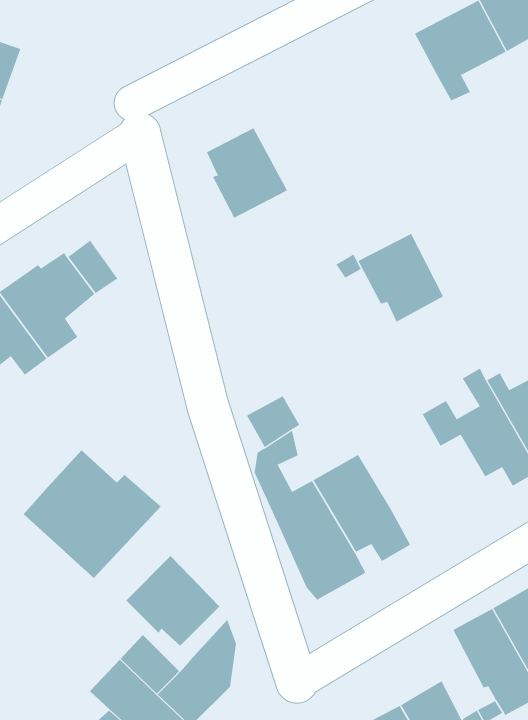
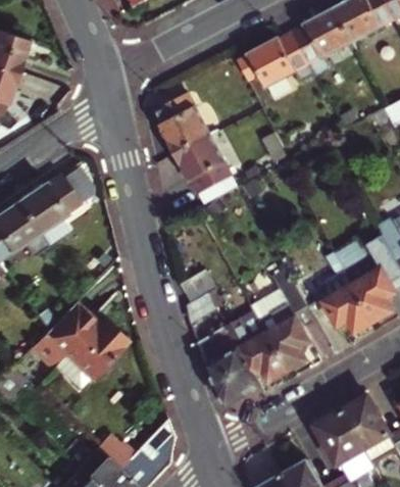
building: none -> [235,31,315,88]
building: [358,233,444,323] -> [171,135,229,194]
building: none -> [252,281,310,370]
building: [126,555,220,647] -> none

